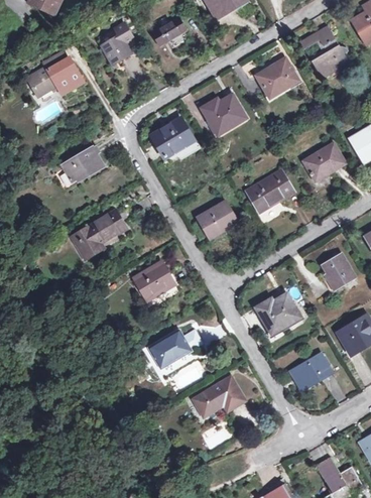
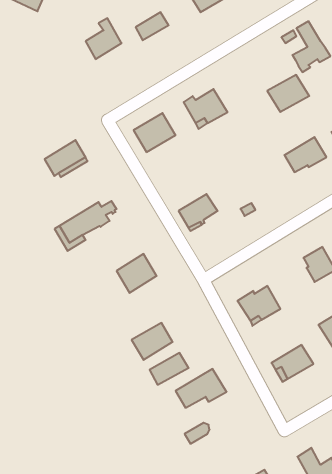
building: [27,51,84,97] -> none
building: [256,59,298,97] -> [267,75,309,112]
building: [246,169,294,213] -> none

